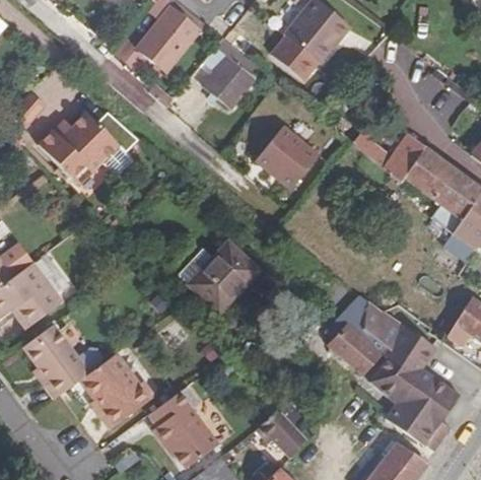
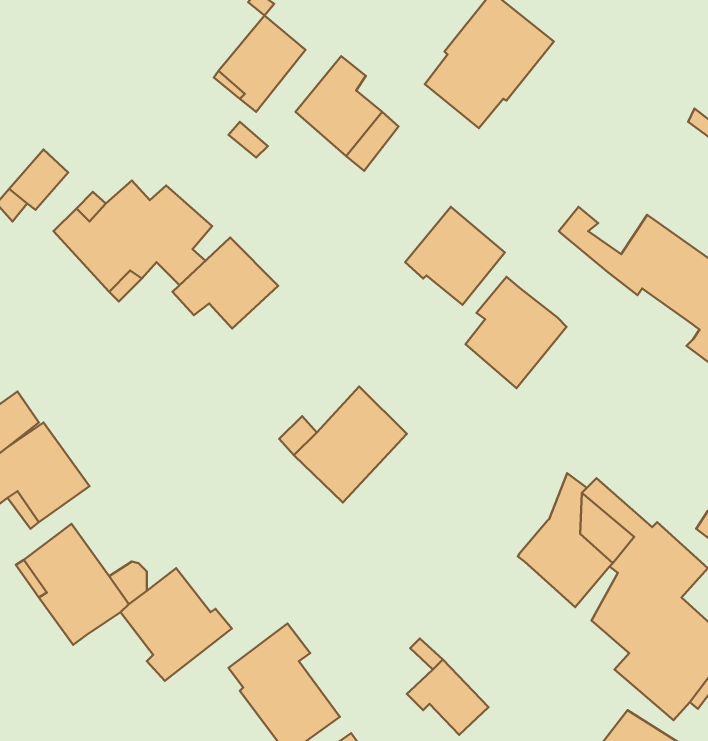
building: none -> [172,238,278,328]
building: none -> [465,277,566,388]

